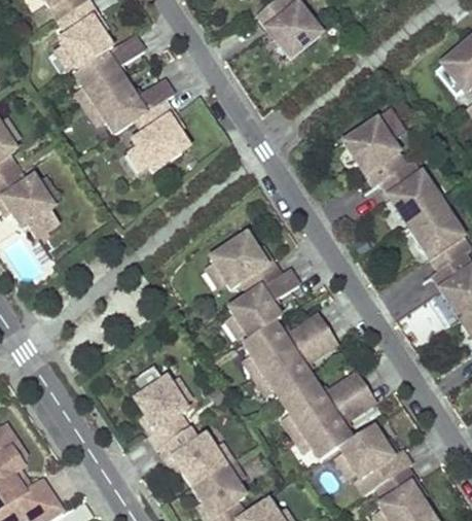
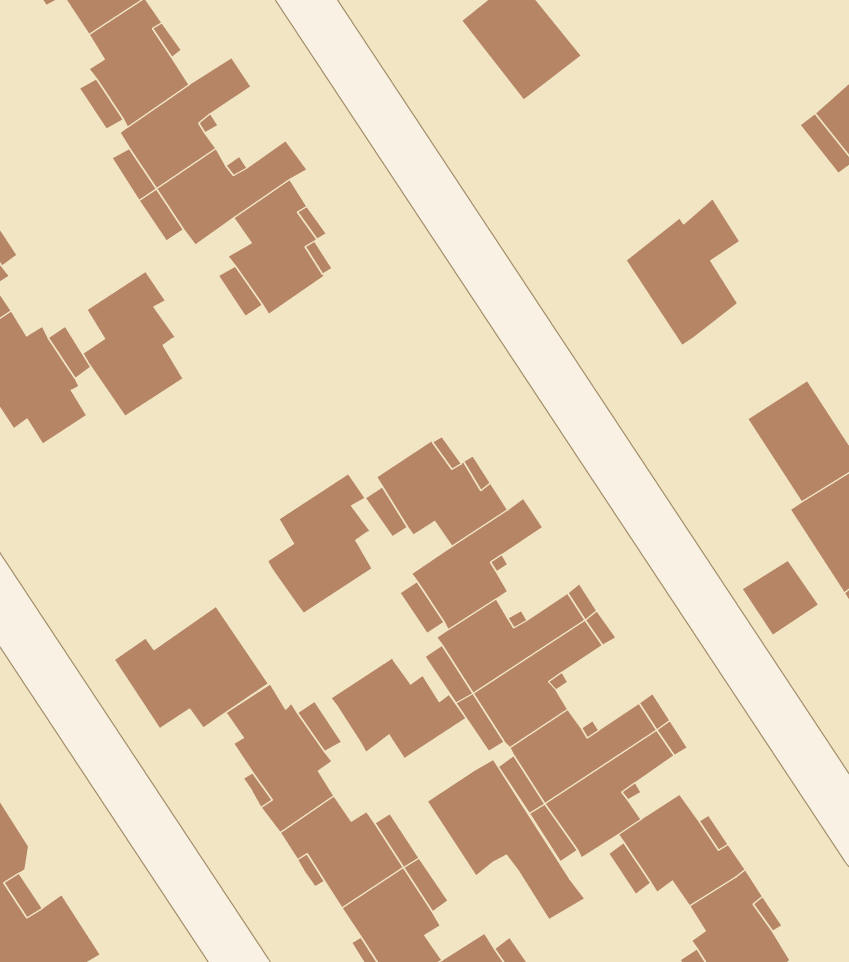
building: none -> [83,271,184,416]
building: [379,160,440,225] -> none
building: none -> [268,473,373,614]
building: none -> [114,606,269,729]
building: none -> [331,658,466,759]
building: none -> [427,759,585,920]

